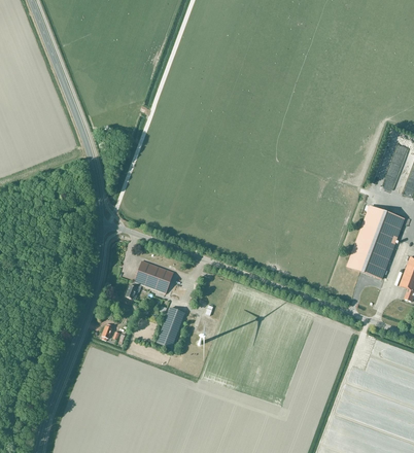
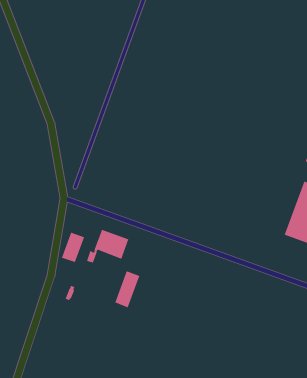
building: none -> [61,232,85,263]

